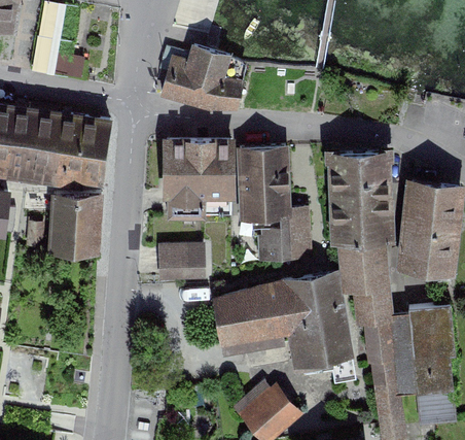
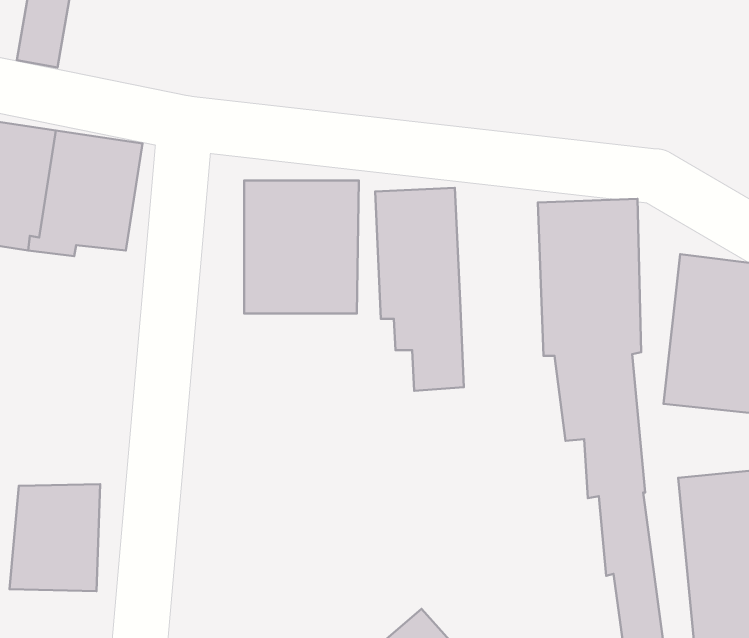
building: [159,47,245,105] -> none
building: [49,194,100,253] -> [10,484,100,591]
building: [287,208,311,258] -> none
building: [159,248,201,277] -> none
building: [215,273,350,367] -> none

